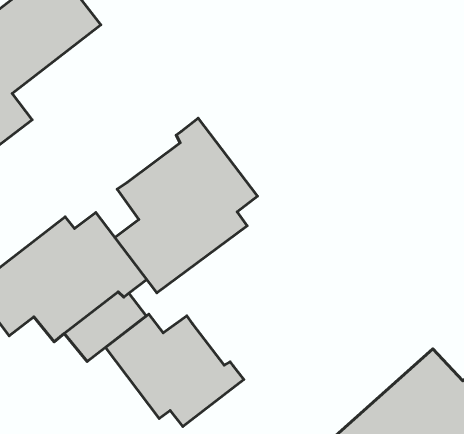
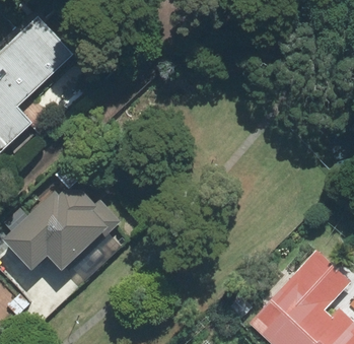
building: [115,118,258,293] -> none
building: [105,314,244,427] -> none

